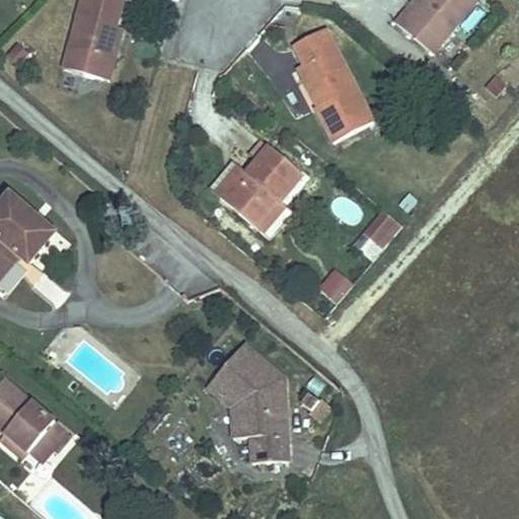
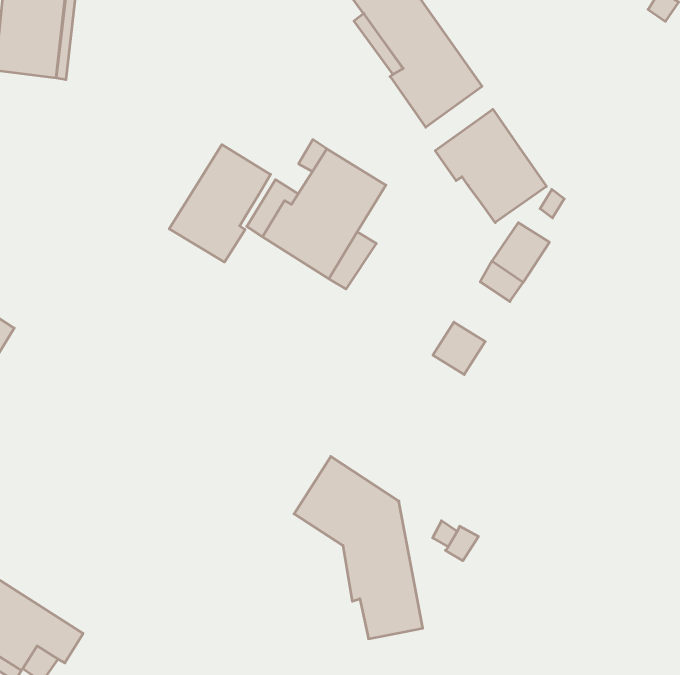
building: none -> [169,145,271,262]
building: none -> [435,109,546,223]
building: [208,376,245,437] -> none

